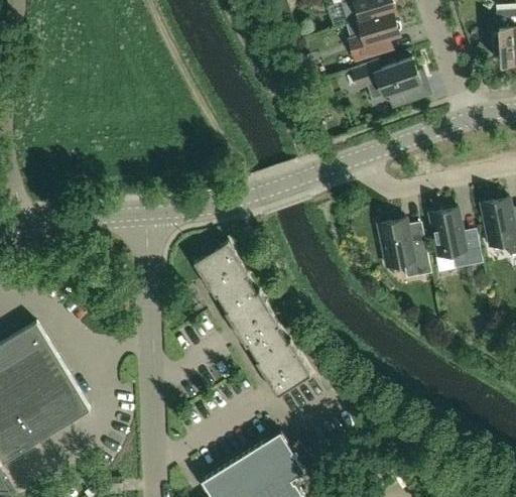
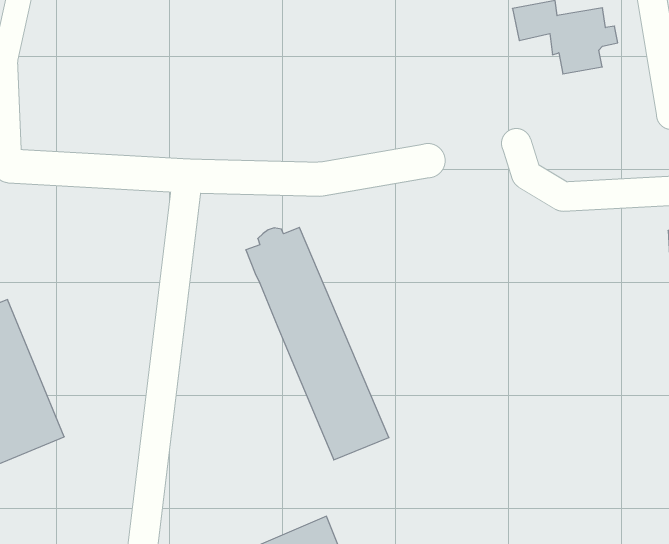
building: [429,206,483,269] -> none
building: [378,216,431,278] -> none

